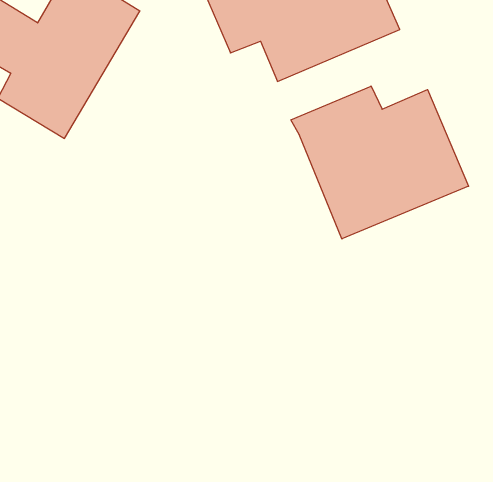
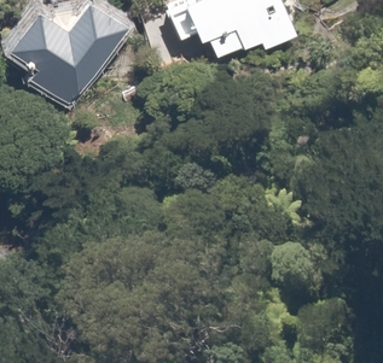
building: [291,86,469,239] -> none

